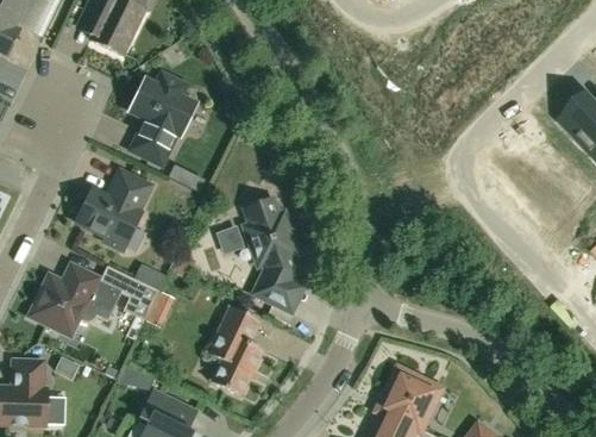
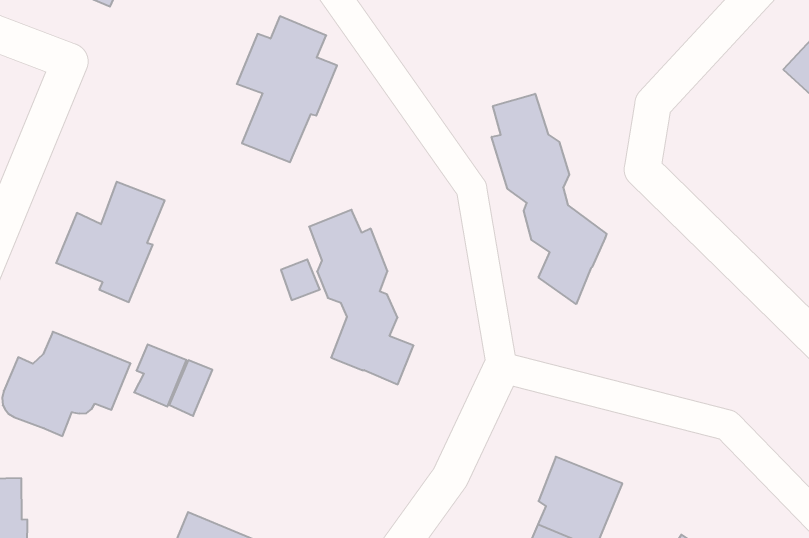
building: [128,65,195,162] -> [237,16,337,162]
building: none -> [492,94,607,304]
building: [207,304,264,394] -> none

